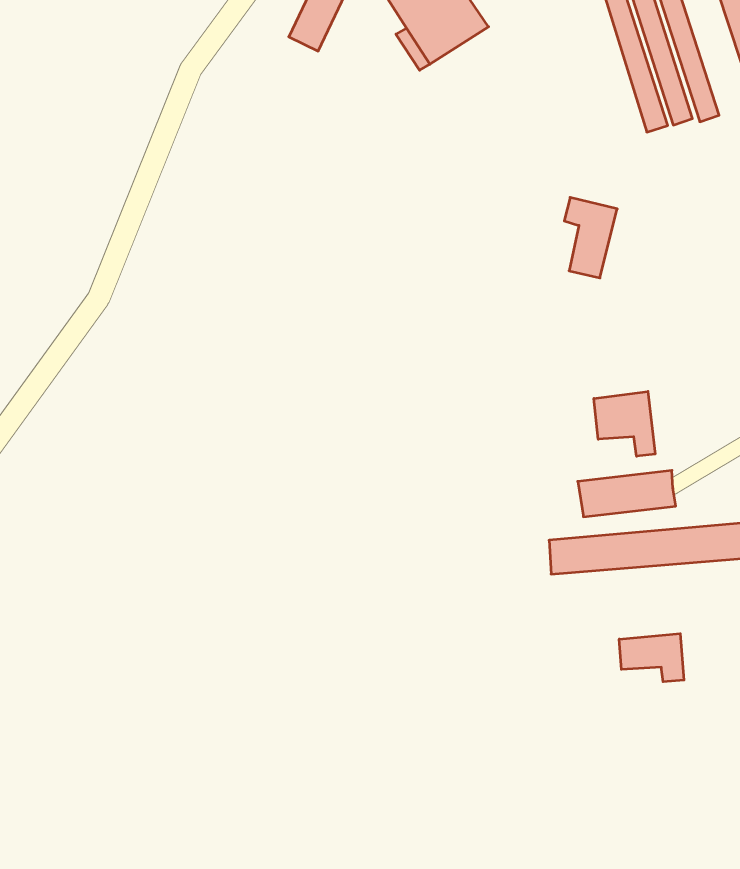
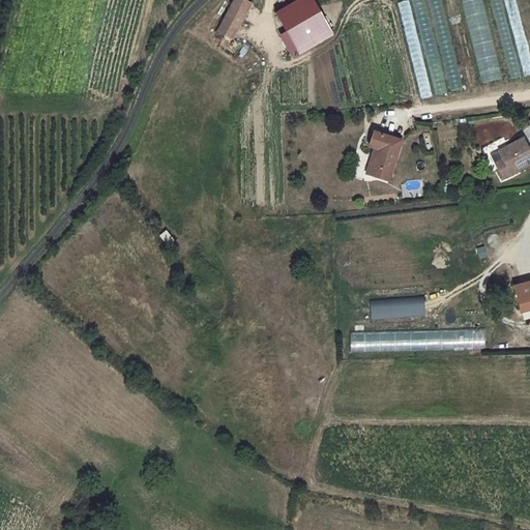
building: [594,391,655,456] -> none
building: [619,634,684,682] -> none

